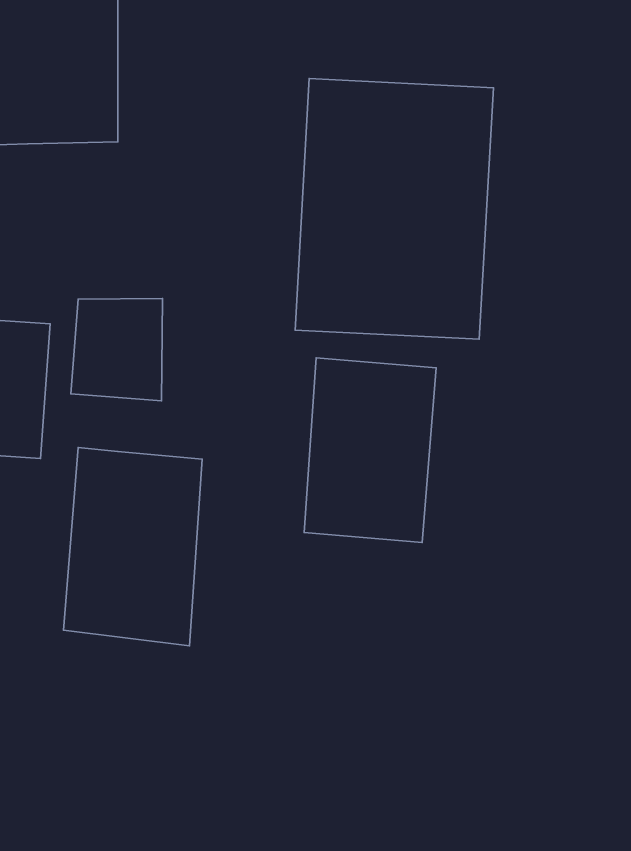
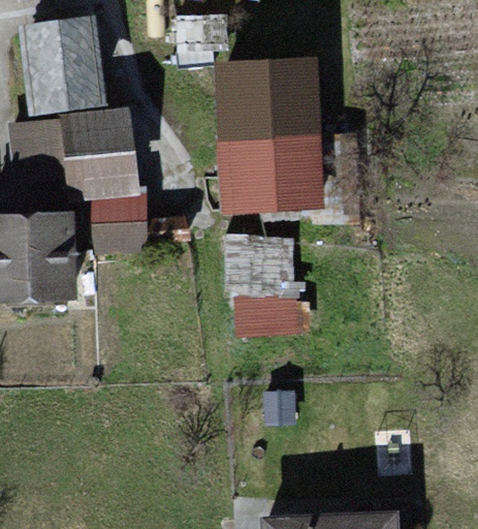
building: none -> [55,112,139,209]
building: [64,448,202,646] -> none

